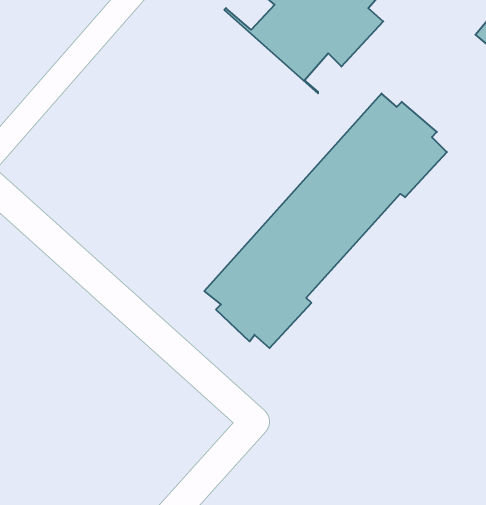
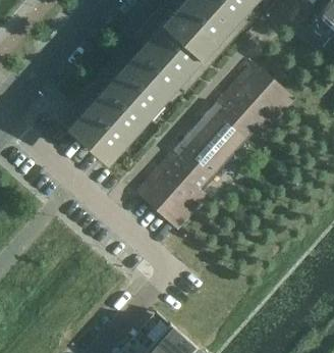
building: none -> [77,15,207,156]

